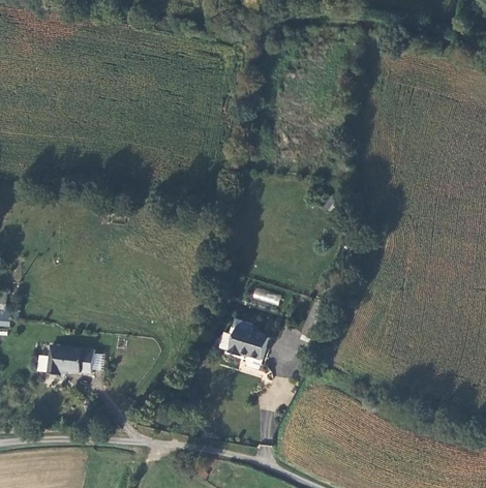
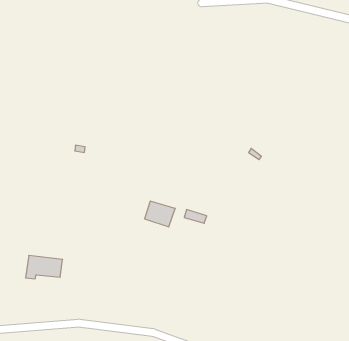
building: [227,327,267,360] -> [145,201,175,227]

